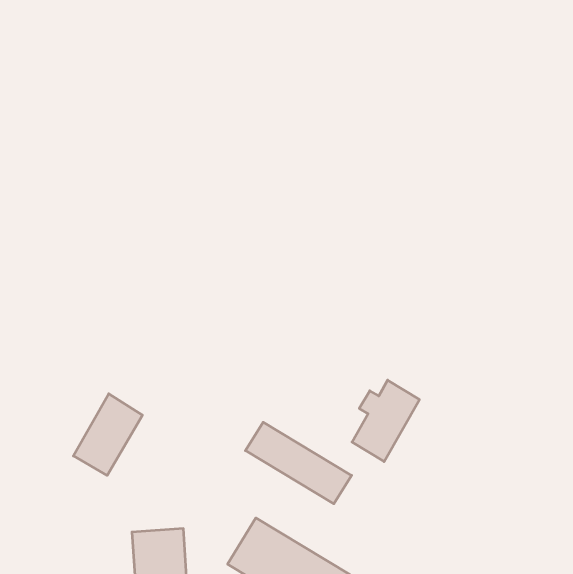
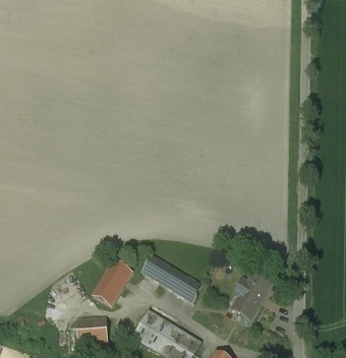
building: [352,380,419,462] -> [232,273,271,319]
building: [73,394,142,475] -> [93,259,132,306]

